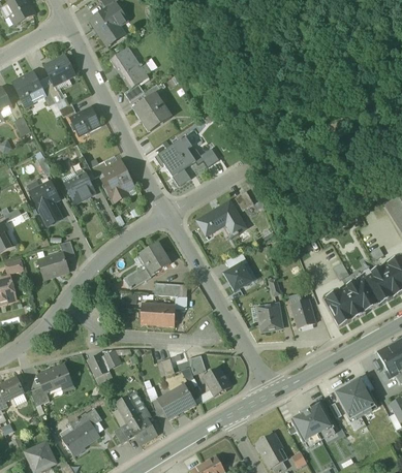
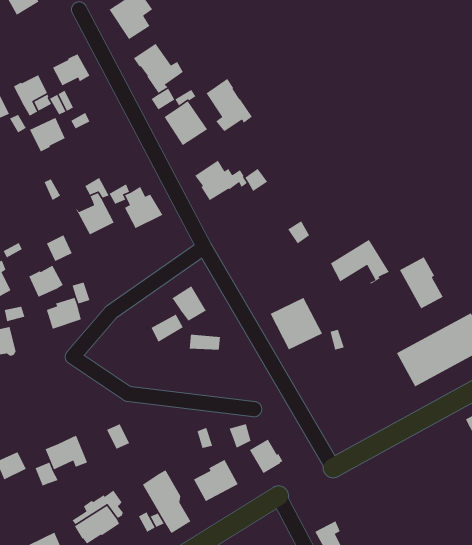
building: none -> [205,78,253,132]
building: [70,106,100,135] -> [29,117,66,153]
building: [30,181,59,209] -> [28,264,64,298]
building: [197,200,246,238] -> [330,239,390,285]
building: none -> [399,256,444,309]
building: [291,298,315,327] -> none
building: [141,303,176,326] -> none
building: [259,303,282,330] -> none
building: [334,377,376,419] -> none
building: [289,402,334,443] -> none

